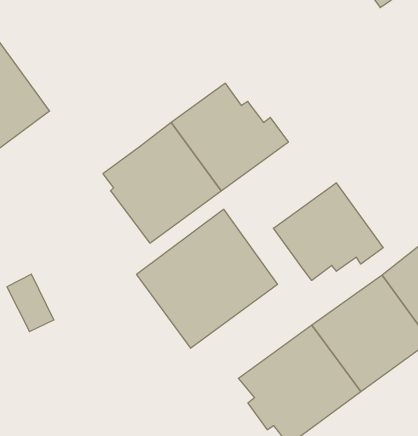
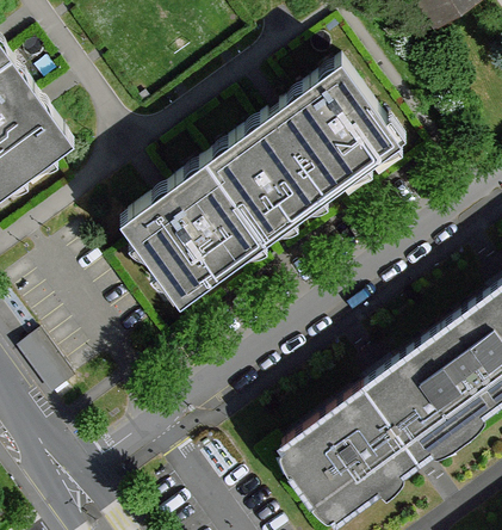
building: none -> [268,62,399,183]
building: [273,183,383,280] -> none
building: [137,209,277,348] -> none

